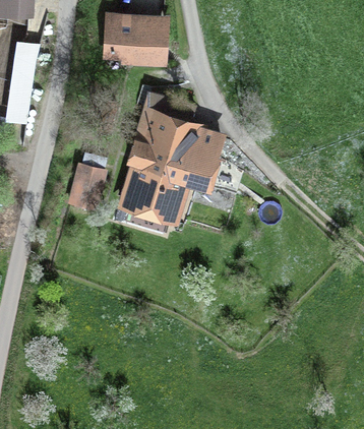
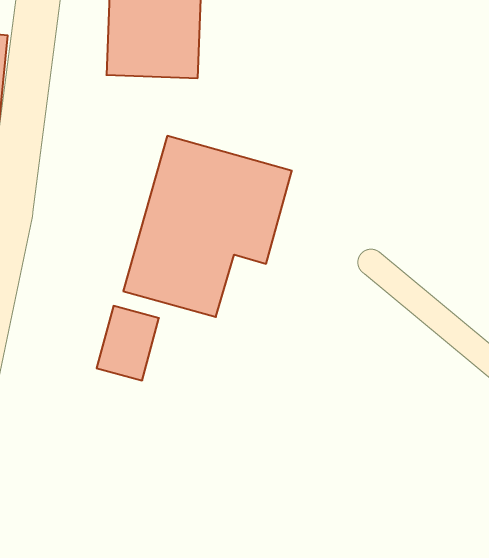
building: [63,164,105,213] -> [97,306,159,380]

